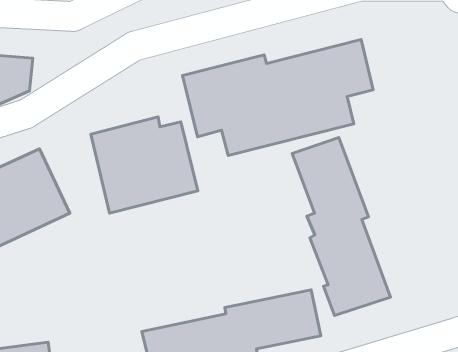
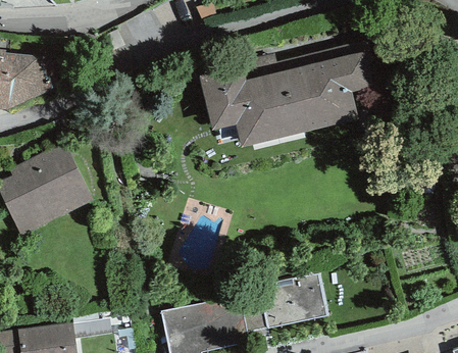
building: [91,117,198,213] -> none
building: [292,137,390,315] -> none

